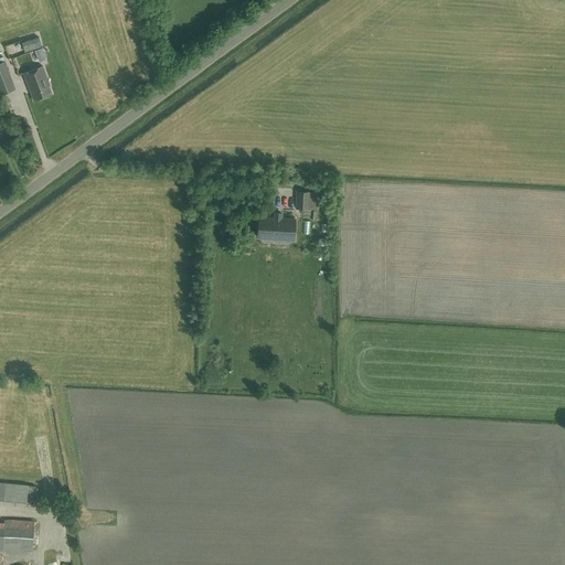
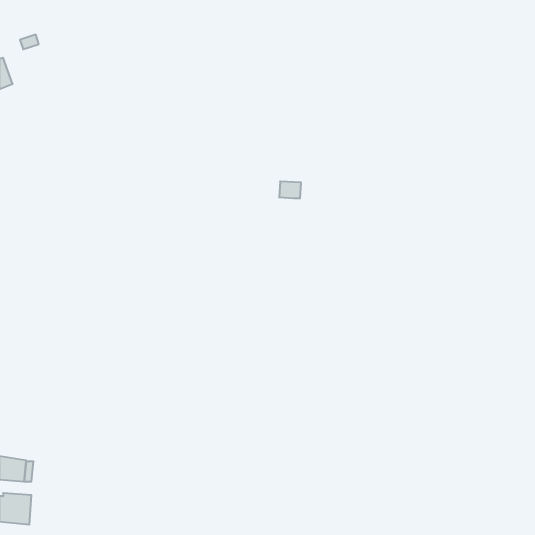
building: [22,67,51,102] -> none
building: [257,218,294,241] -> none

